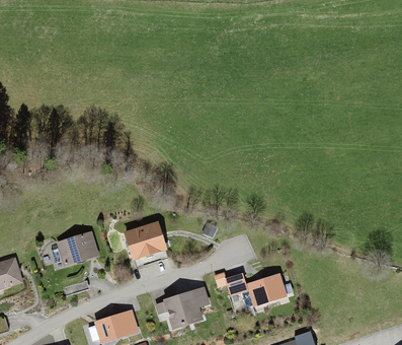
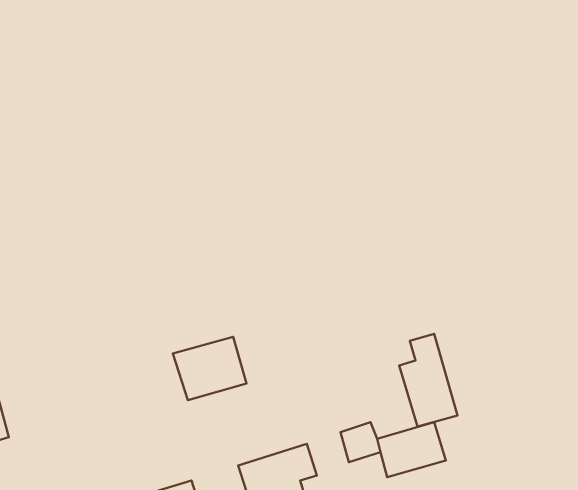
building: none -> [399,334,458,427]
building: [55,229,99,267] -> none

